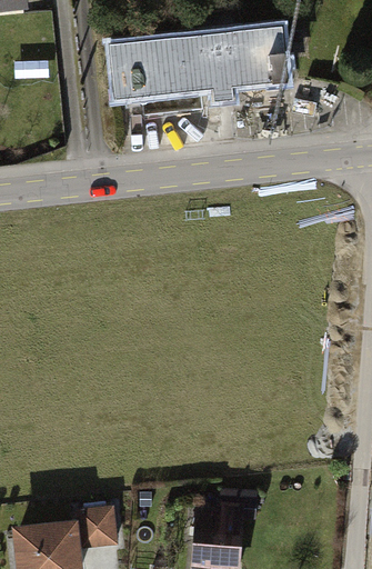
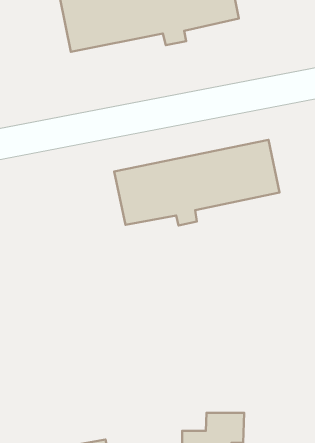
building: none -> [114,140,279,225]

